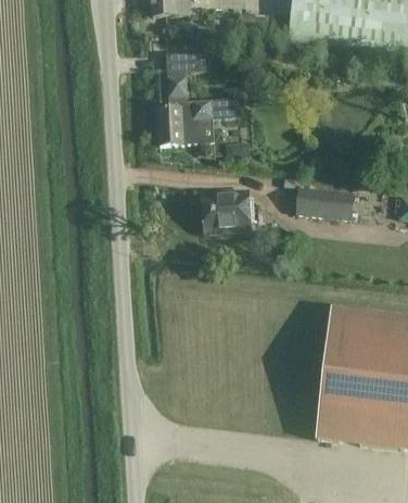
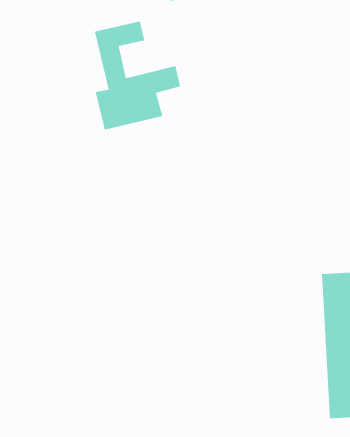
building: [295,187,354,221] -> none
building: [200,188,248,231] -> none

